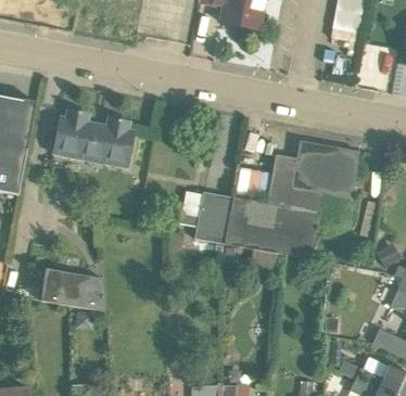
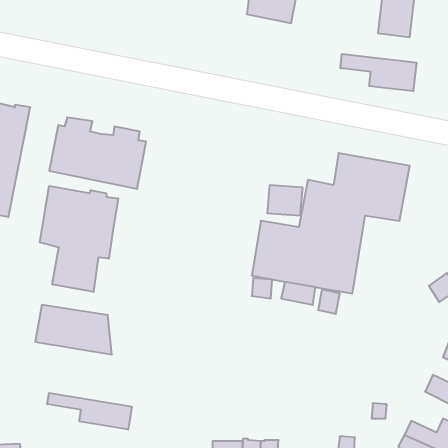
building: none -> [340,54,416,91]
building: none -> [40,186,118,292]
building: [194,192,232,244] -> none
building: none -> [47,393,132,430]

